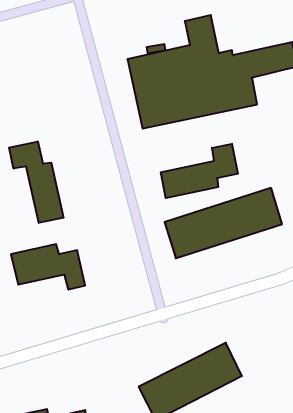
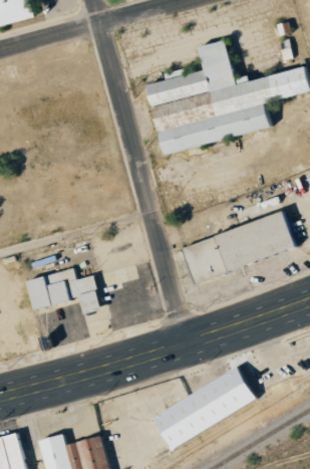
building: [9,141,63,223] -> none
building: [161,144,238,198] -> none

